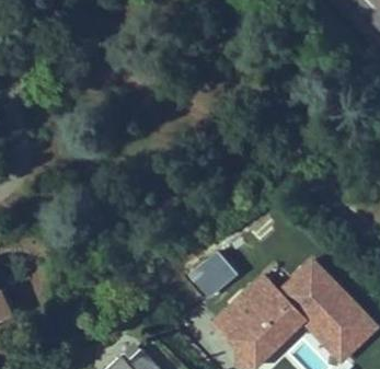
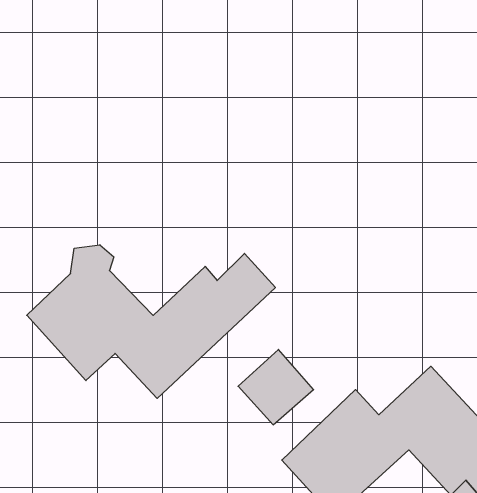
building: none -> [27,245,275,398]

